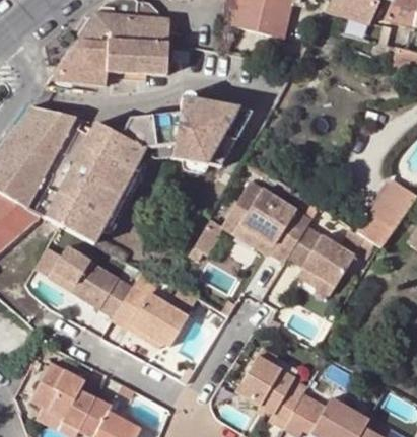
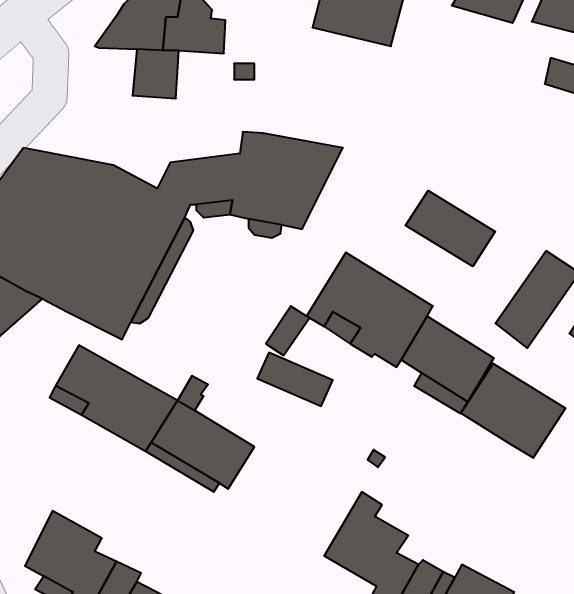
building: [49,39,108,88] -> none
building: [135,41,168,74] -> none
building: none -> [406,191,495,266]
building: none -> [461,363,565,458]

